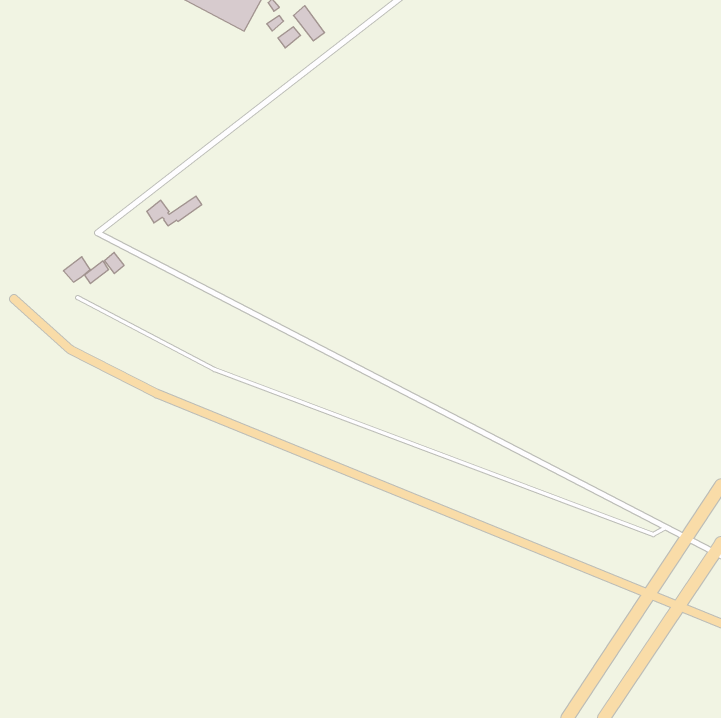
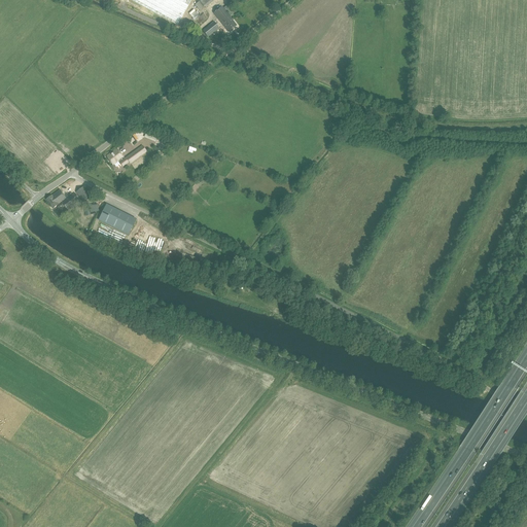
building: none -> [99,204,135,233]

